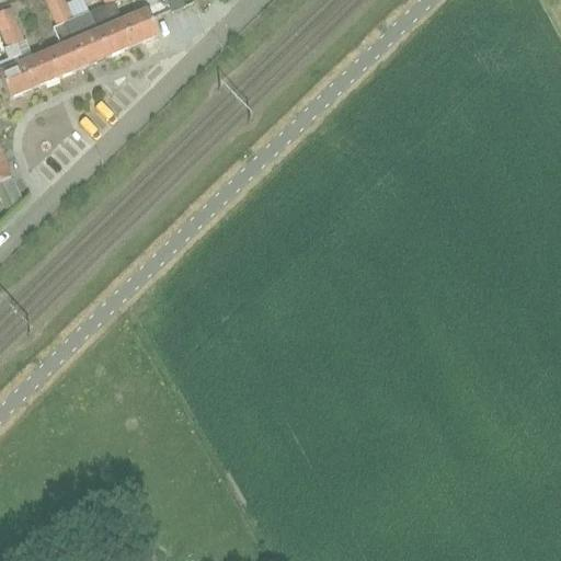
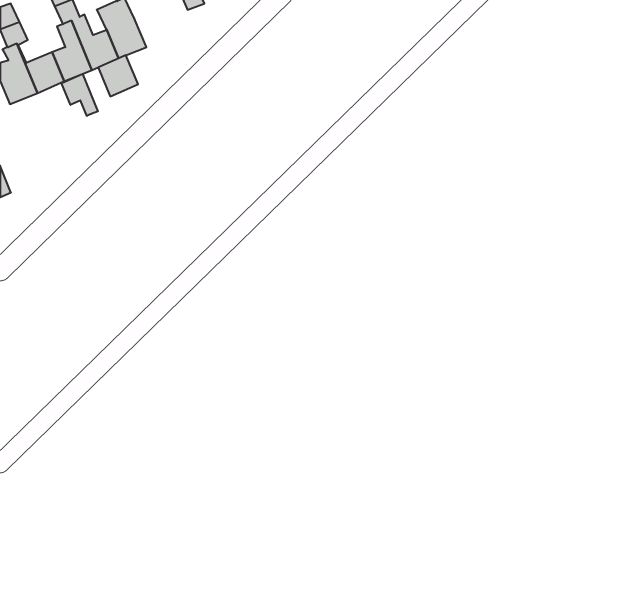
building: [122,5,158,43] -> [98,55,138,96]
building: none -> [62,74,98,116]

